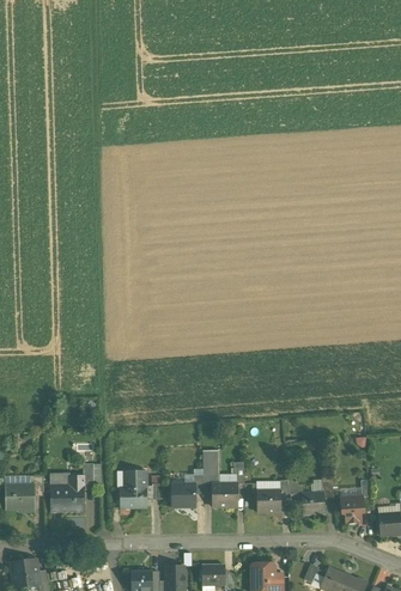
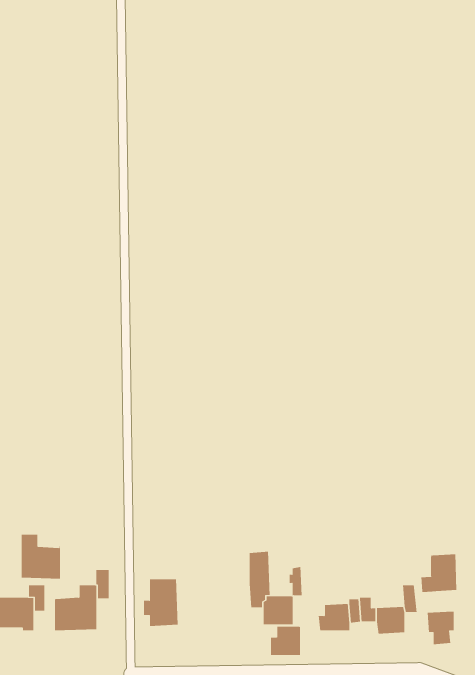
building: none -> [21,534,60,580]
building: none -> [421,554,457,593]
building: [171,483,195,506] -> [270,626,301,655]

